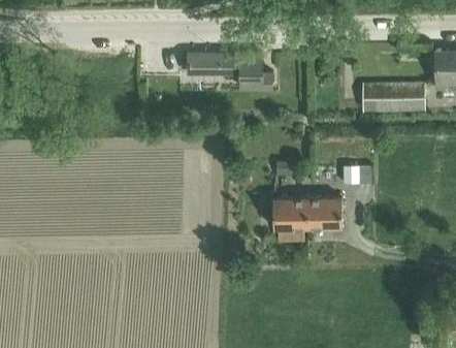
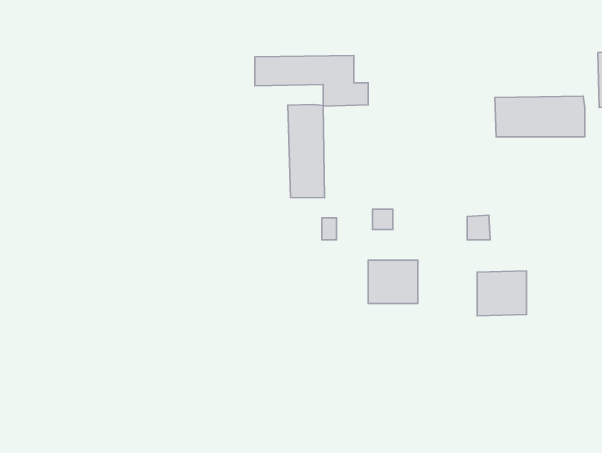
building: none -> [288,104,325,198]
building: [306,197,341,229] -> [477,271,527,316]

